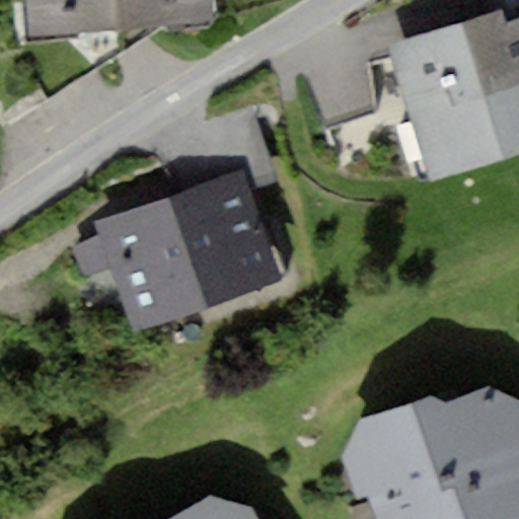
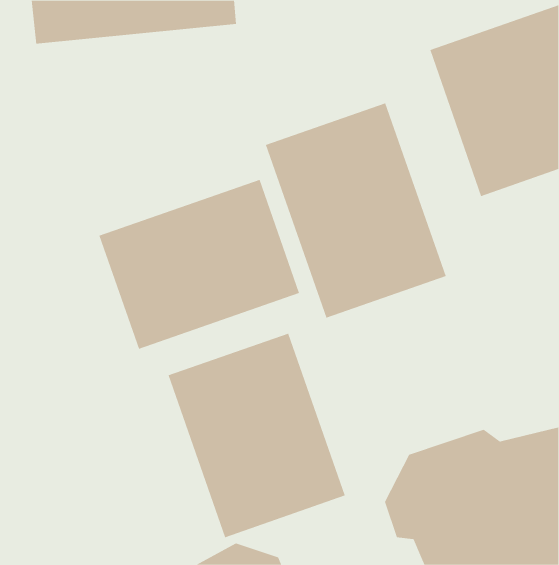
building: none -> [265,102,446,318]
building: none -> [168,333,346,538]

